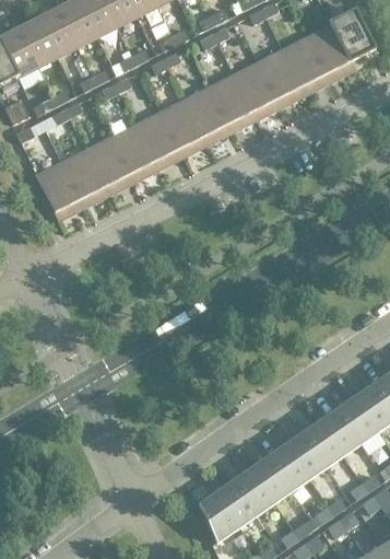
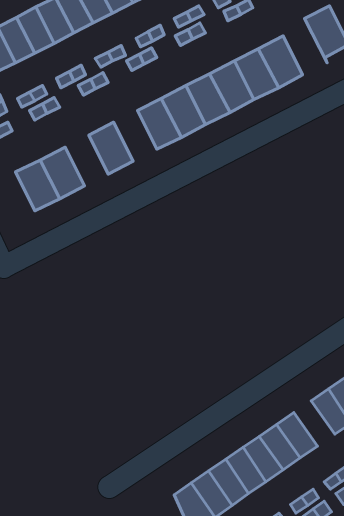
building: [309,20,354,77] -> none
building: [138,113,181,164] -> none
building: [88,138,132,189] -> none
building: [320,407,362,453] -> none

